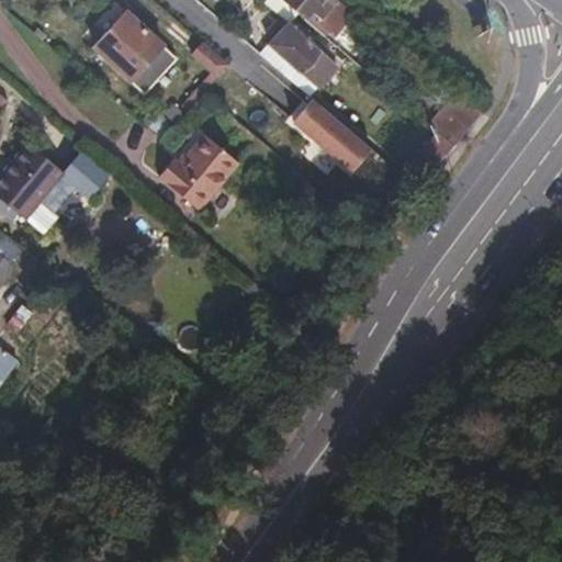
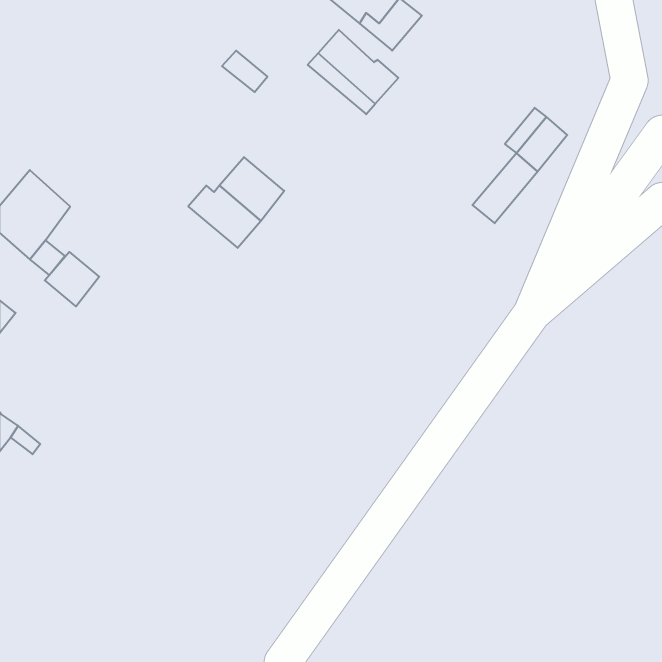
building: [93,13,173,93] -> none
building: [292,99,370,170] -> none
building: [59,150,105,196] -> [45,252,99,306]

